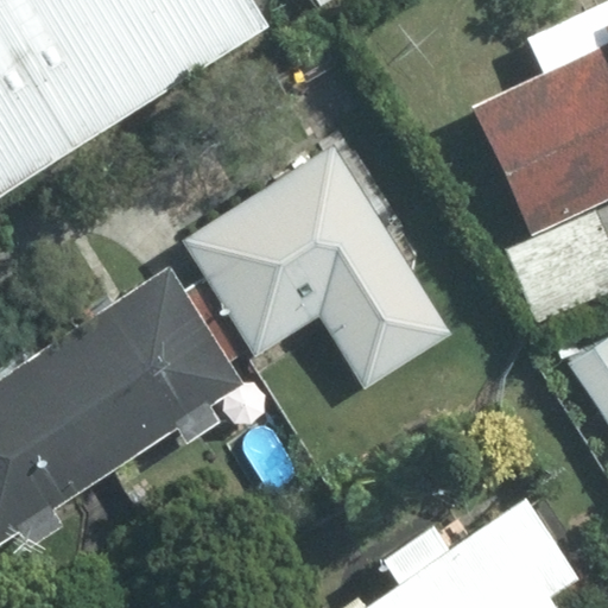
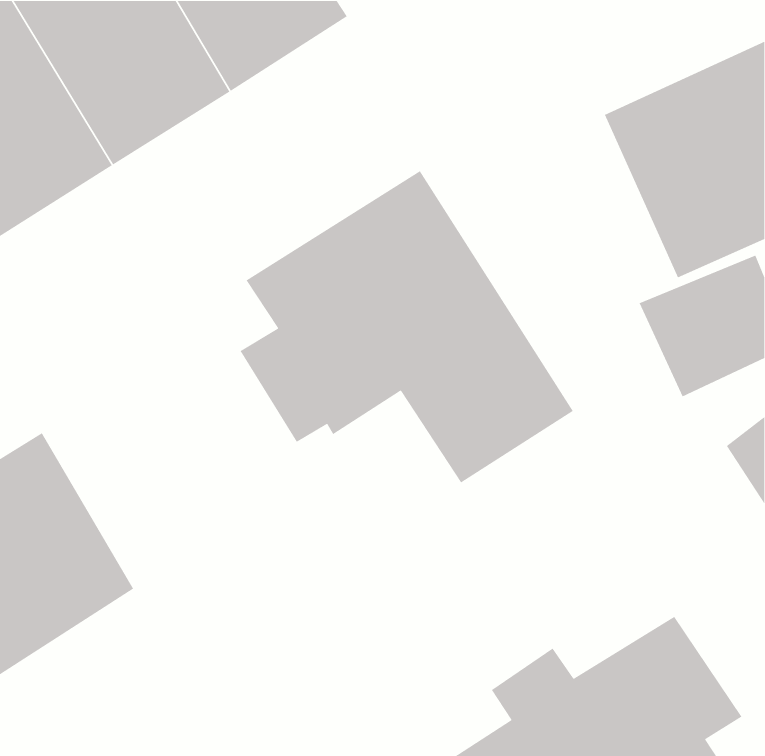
building: [33,262,248,475] -> none

